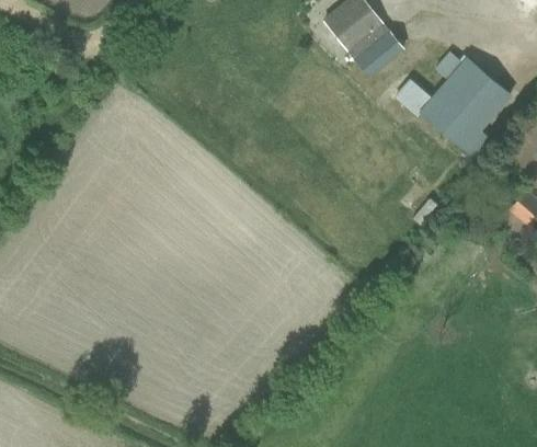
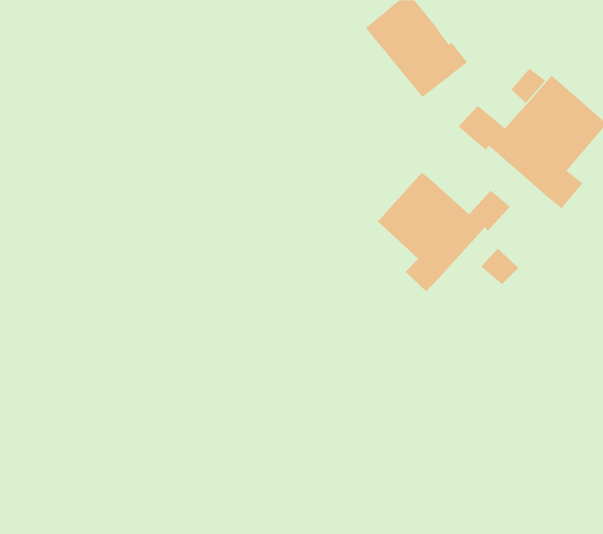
building: none -> [377,172,511,292]

